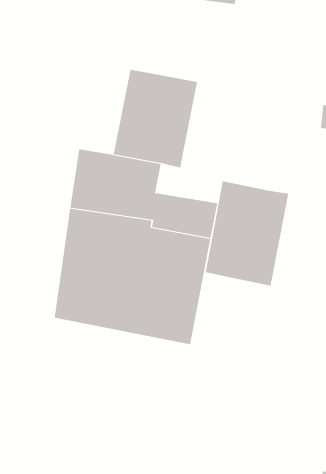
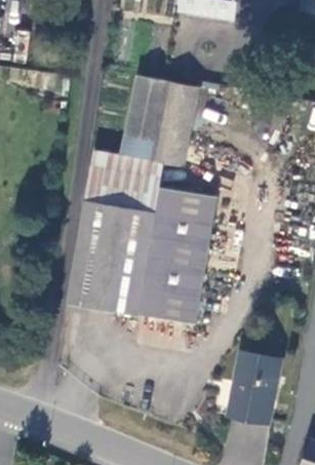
building: [205,181,289,286] -> none
building: none -> [228,352,279,422]

